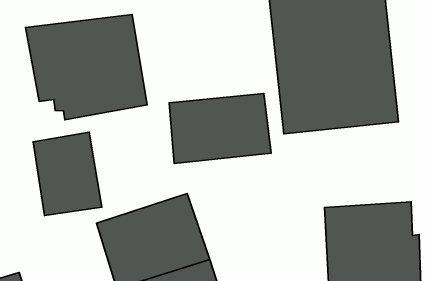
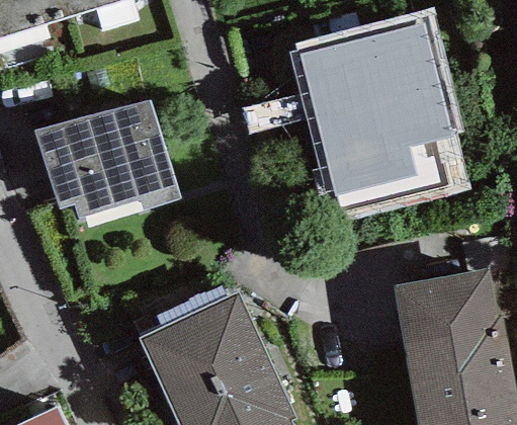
building: [169,94,271,164] -> none
building: [33,132,102,215] -> none

